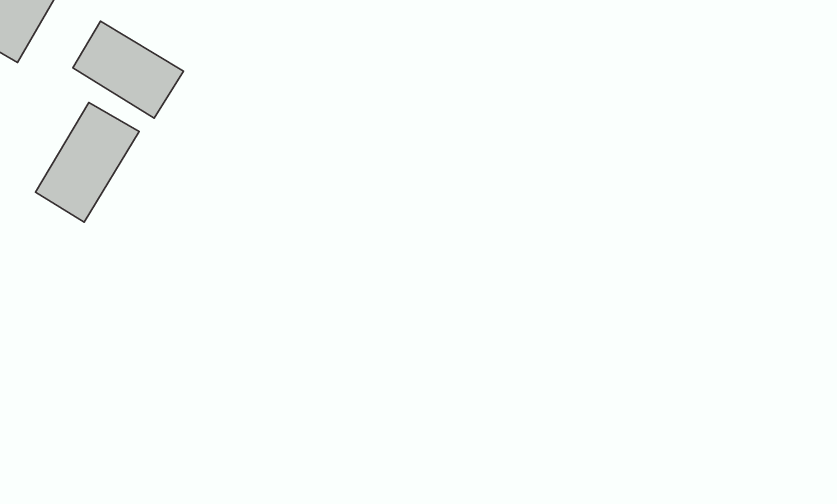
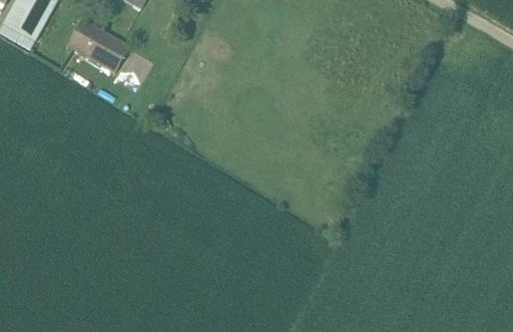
building: [36,102,139,222] -> none

